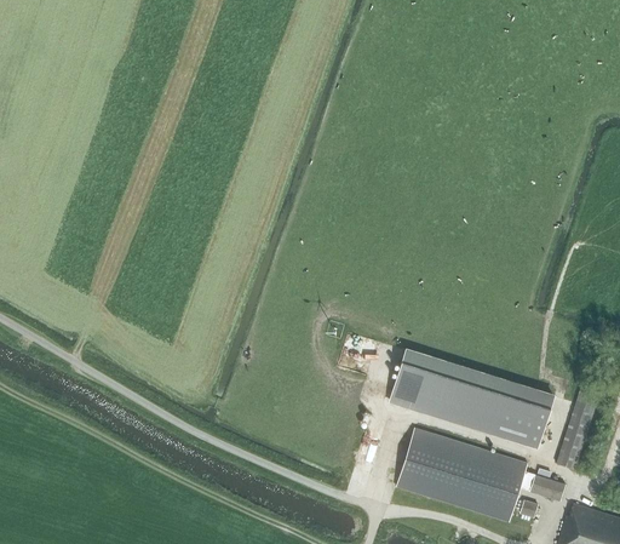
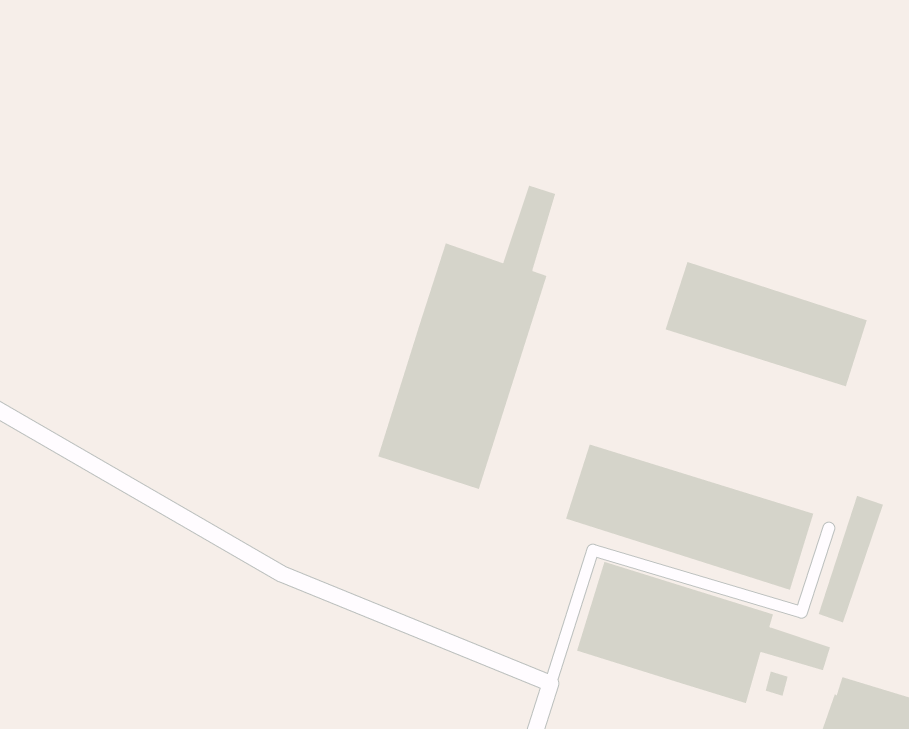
building: none -> [377,185,556,490]
building: none -> [665,261,868,387]

